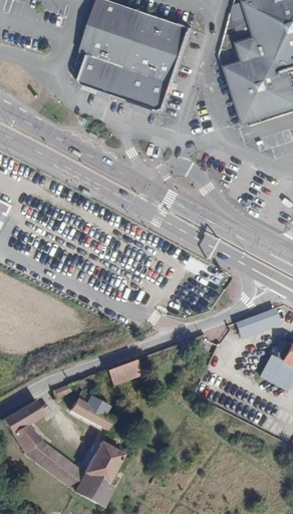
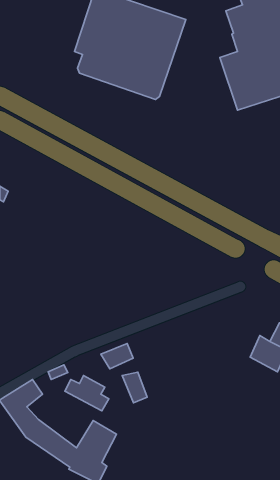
building: [233,307,279,338] -> none
building: none -> [122,372,147,403]

